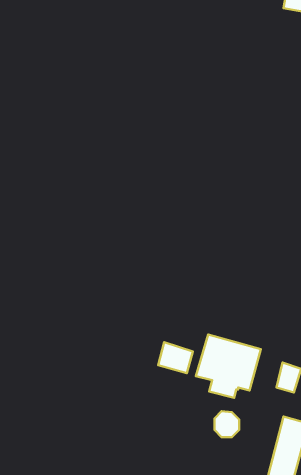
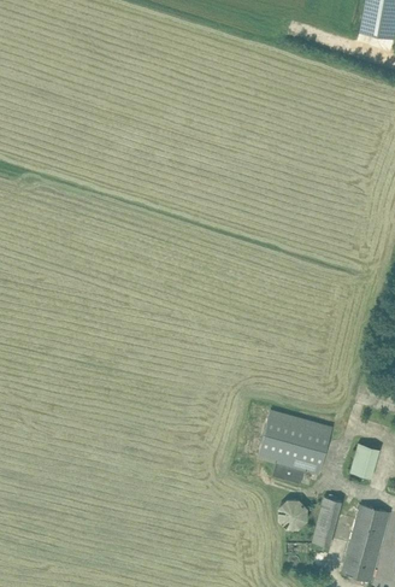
building: [158,342,193,373] -> none
building: none -> [312,497,341,547]

